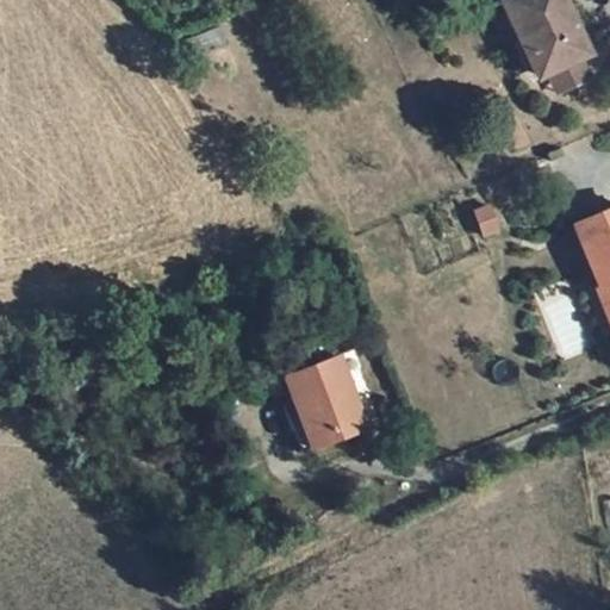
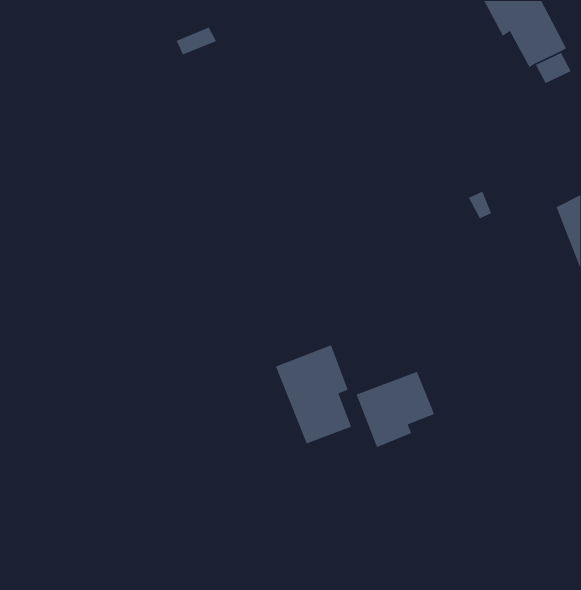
building: none -> [355,371,435,448]

